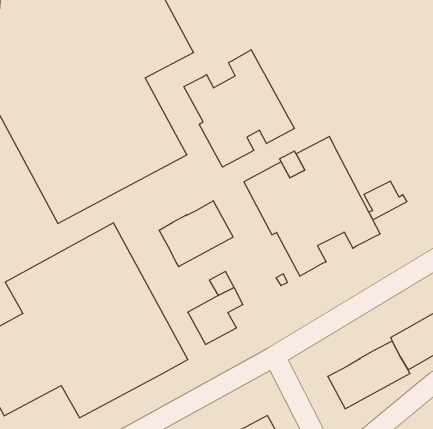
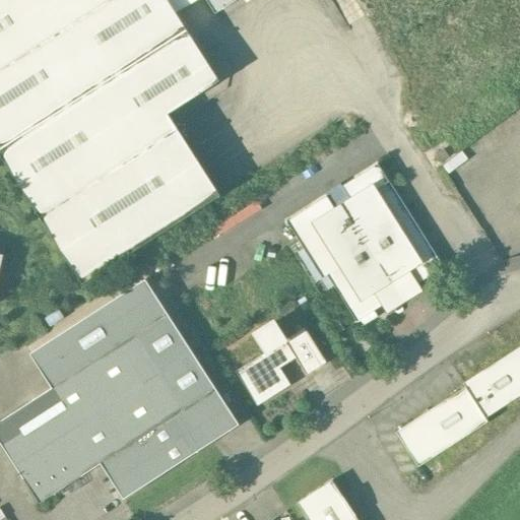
building: [184,50,294,167] -> none
building: [364,181,407,220] -> [375,268,424,313]
building: [159,201,233,267] -> none
building: none -> [285,326,327,374]

